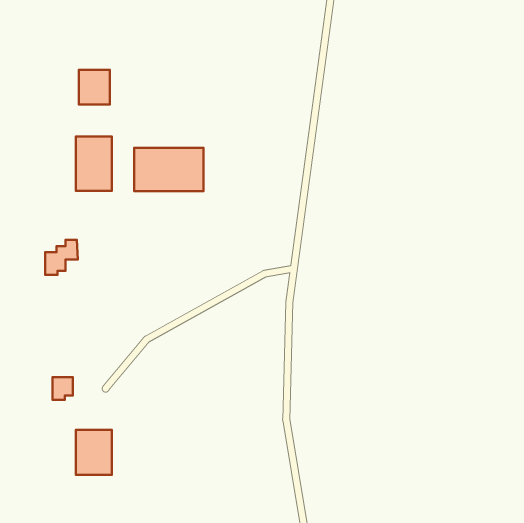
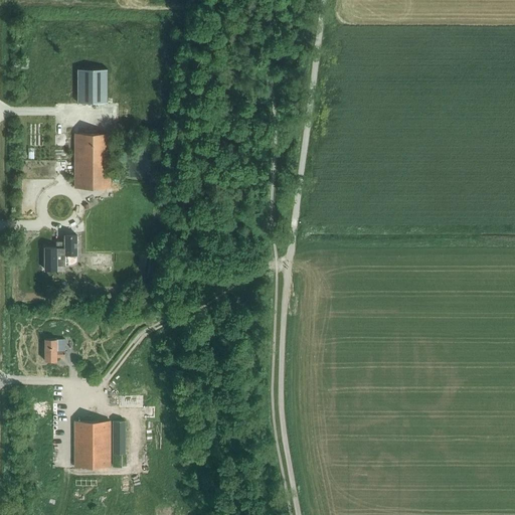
building: [134,148,204,191] -> none
building: [52,377,73,400] -> [44,340,64,362]

